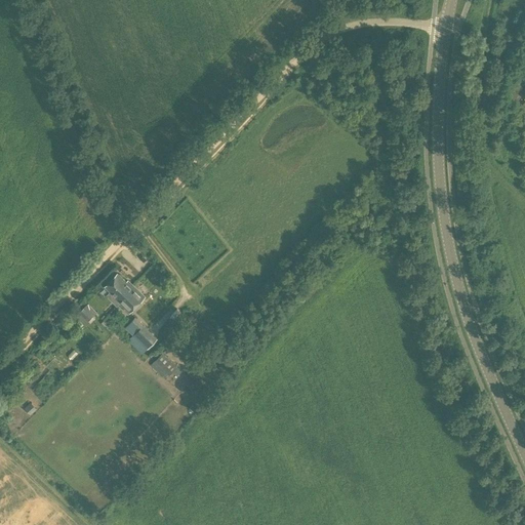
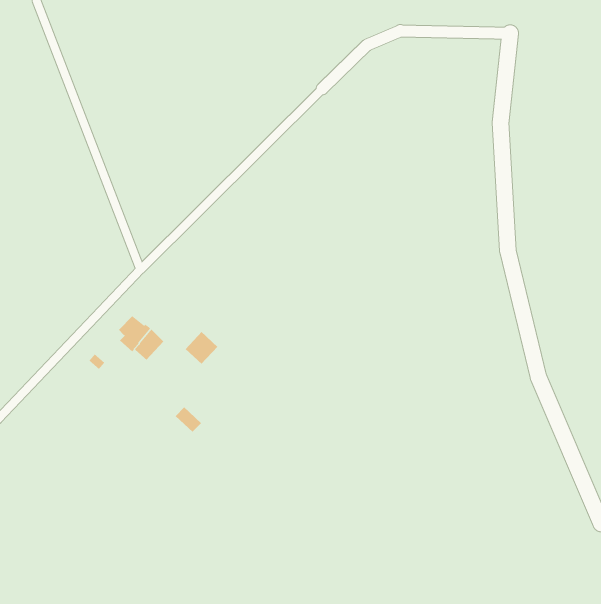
building: [126,325,155,354] -> [185,331,218,364]

